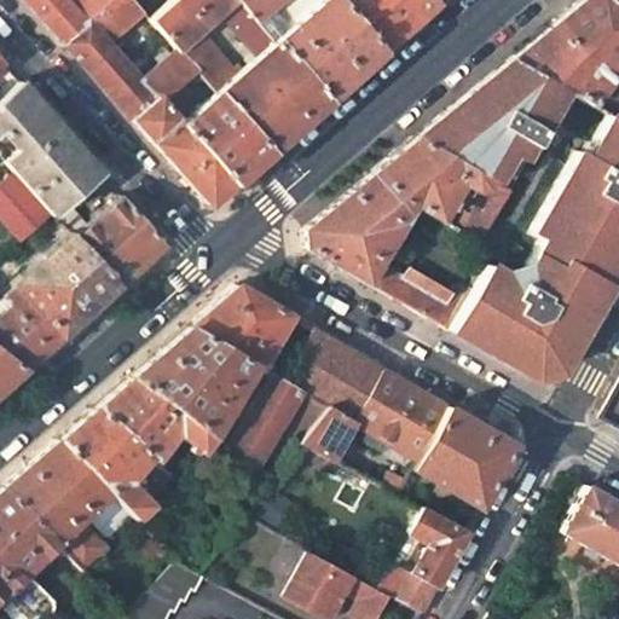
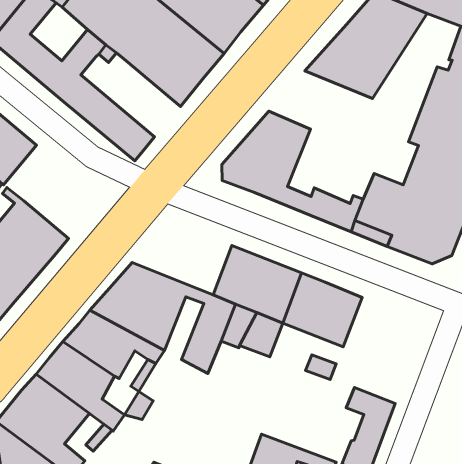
building: [168,86,277,187] -> none
building: [377,138,514,244] -> none
building: [81,199,170,289] -> none
building: [195,285,295,369] -> none
building: [416,407,520,510] -> none

